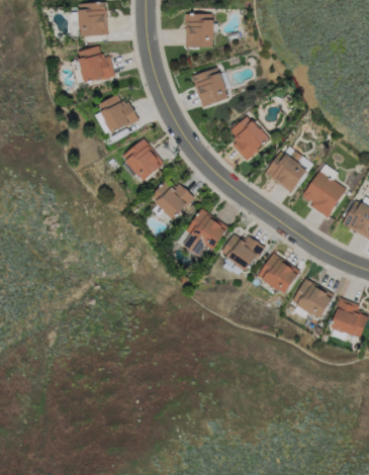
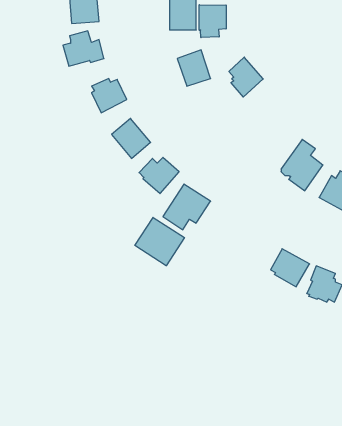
building: none -> [199,5,226,38]
building: [230,116,267,159] -> [229,57,263,97]
building: [264,151,306,192] -> none
building: [220,234,264,272] -> none
building: none -> [135,217,184,266]
building: [257,253,299,294] -> none

